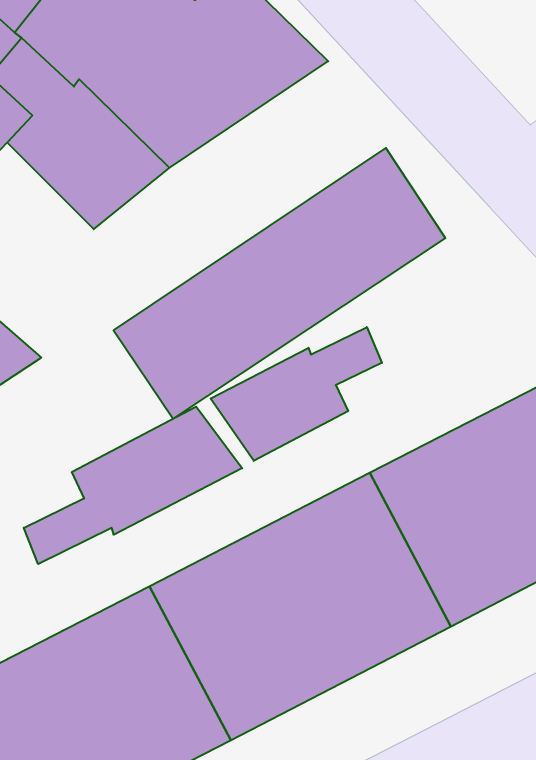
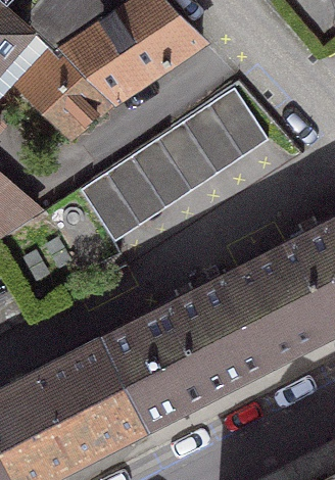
building: [211,327,382,461] -> none
building: [24,407,242,564] -> none

